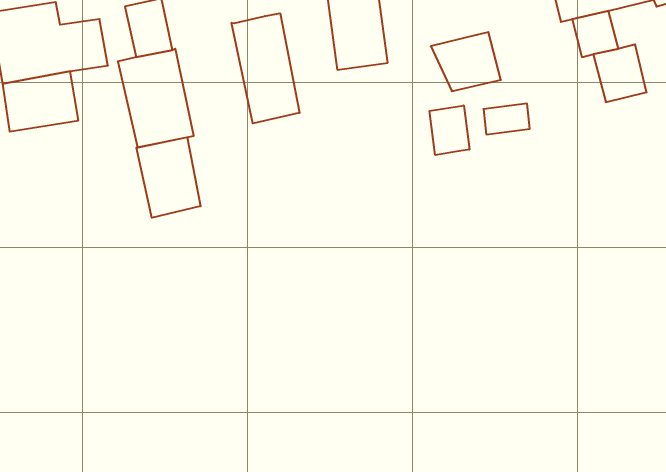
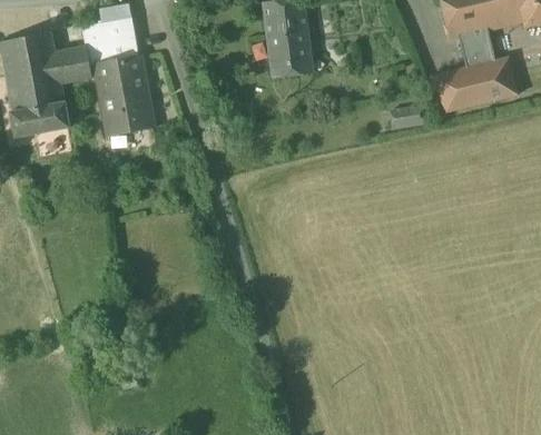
building: [232,13,300,123] -> none
building: [431,32,501,91] -> [429,67,484,113]
building: [430,105,469,155] -> none
building: [136,137,201,218] -> none

